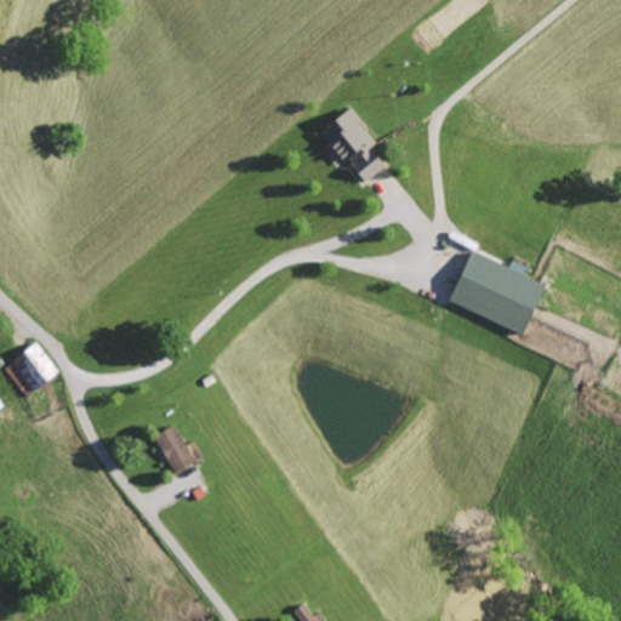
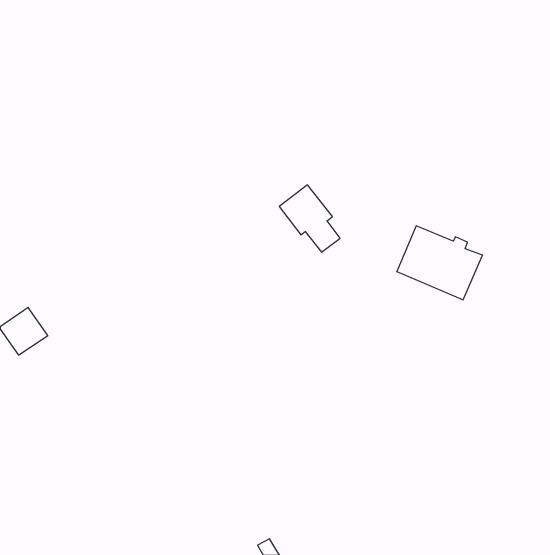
building: [318,109,386,184] -> [279,185,340,252]
building: [155,426,196,474] -> none

